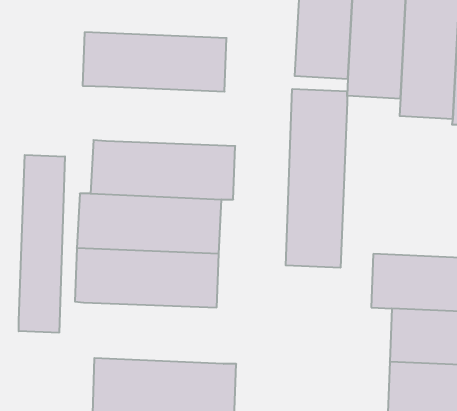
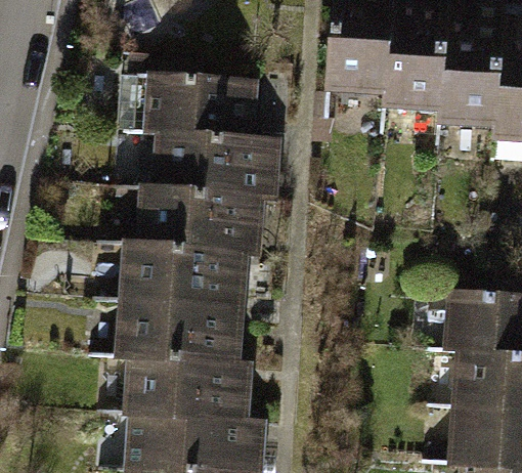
building: none -> [148,121,300,184]
building: [286,89,347,268] -> none
building: [19,155,65,333] -> none
building: none -> [123,348,274,413]

